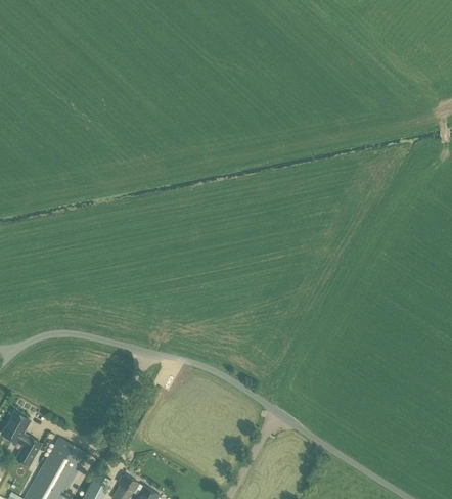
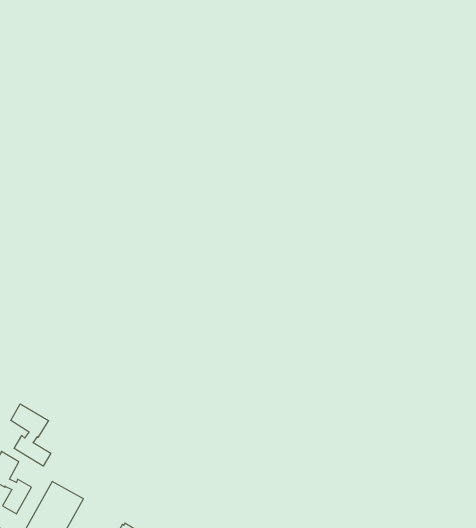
building: none -> [11,404,51,466]

